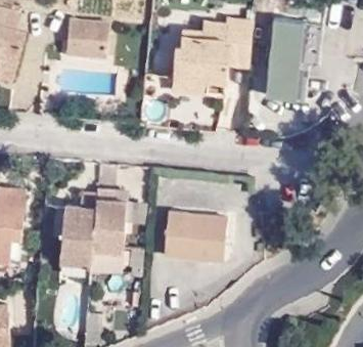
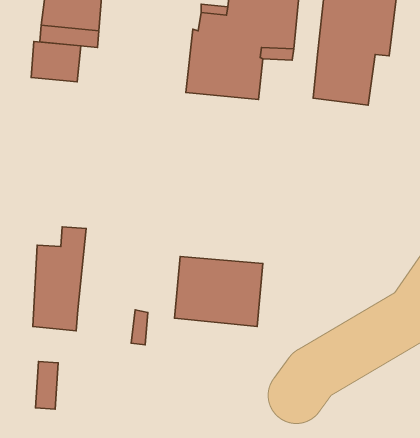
building: none -> [31,41,81,82]
building: [92,188,143,253] -> none

